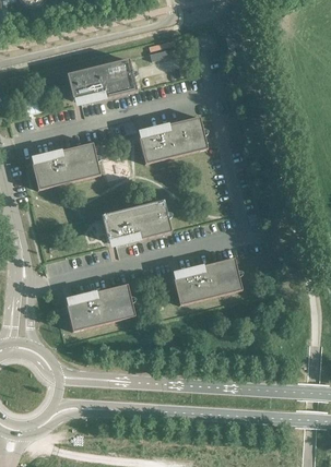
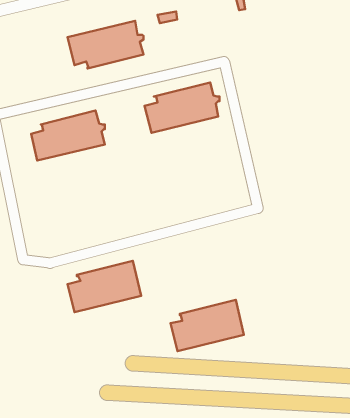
building: [101,200,172,244] -> none
building: [173,256,241,304] -> [170,300,244,351]

